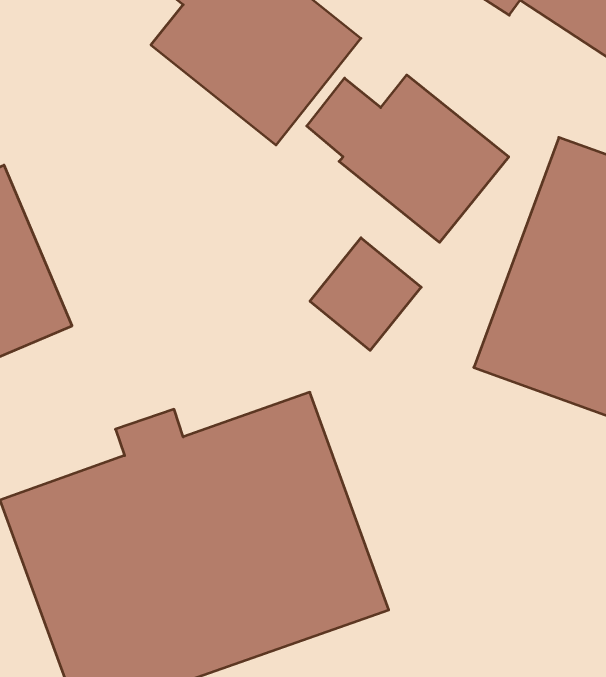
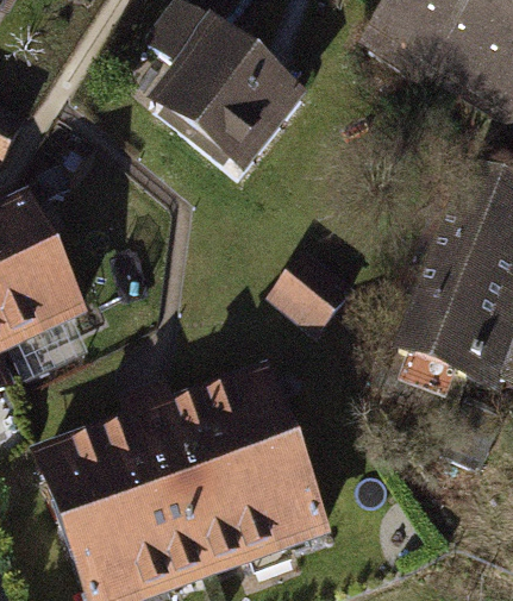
building: [307,75,509,242] -> none

